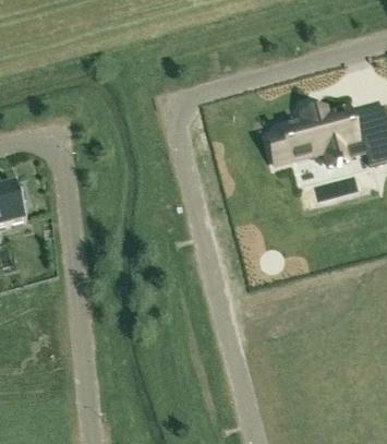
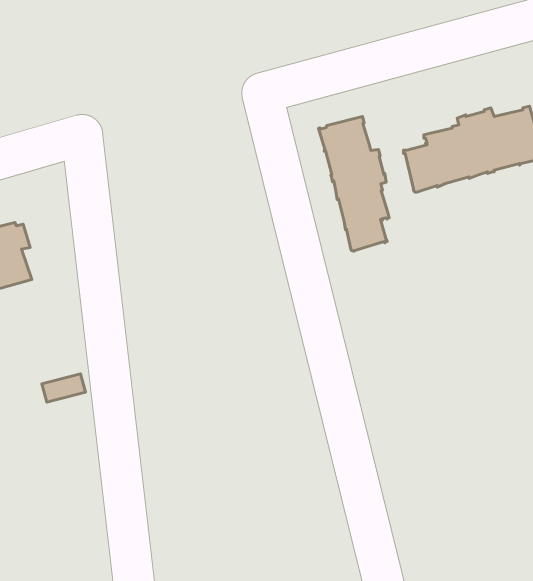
building: none -> [319,116,389,251]

